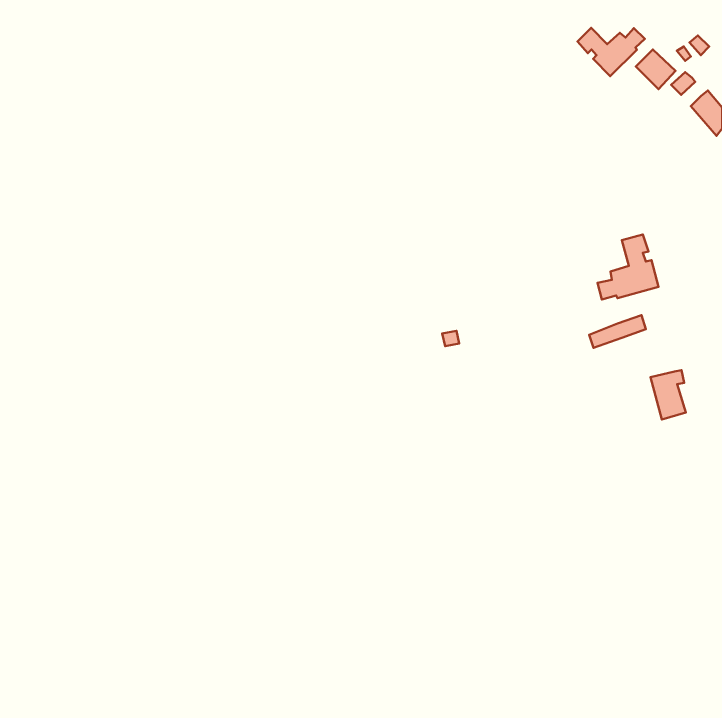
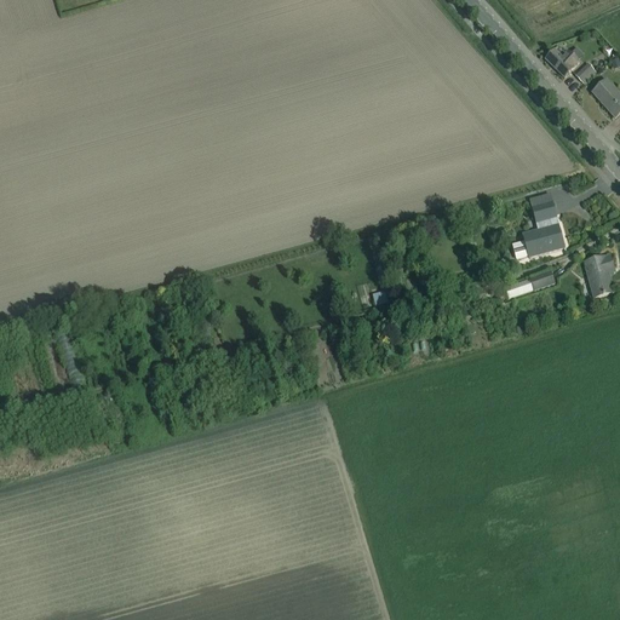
building: [578,28,645,76] -> none
building: [650,370,686,420] -> [584,254,614,297]

